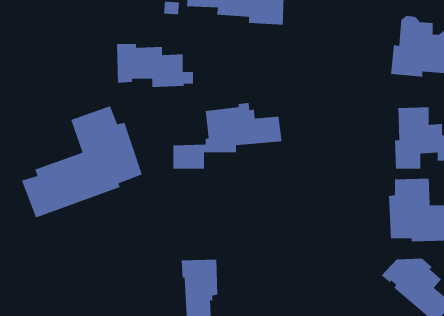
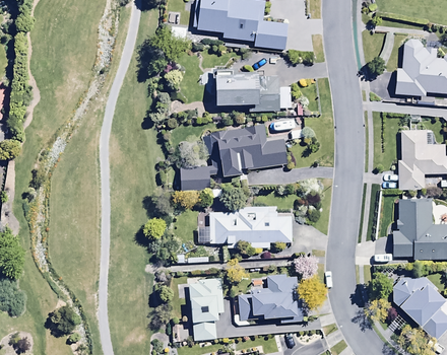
building: [116,43,194,88] -> [214,67,291,111]
building: [21,105,143,218] -> none
building: none -> [210,206,293,250]
building: none -> [239,274,298,320]

